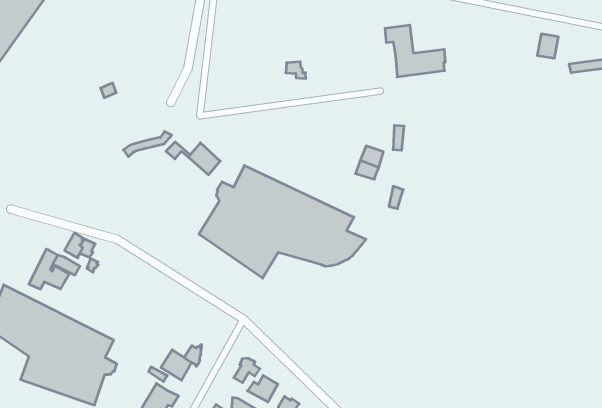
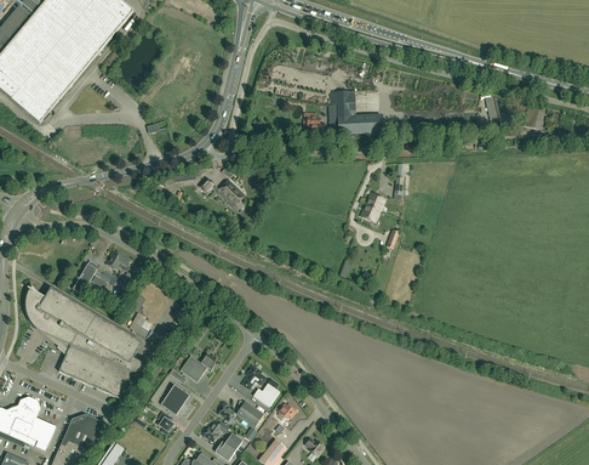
building: [385,25,445,77] -> [331,91,381,135]
building: [199,165,366,278] -> none

